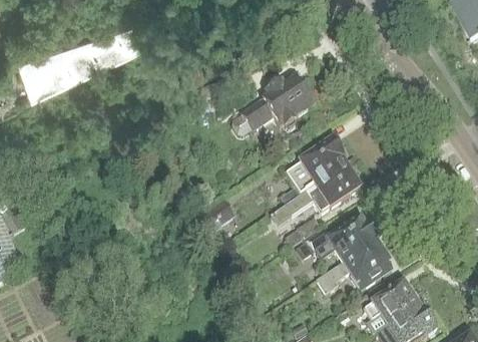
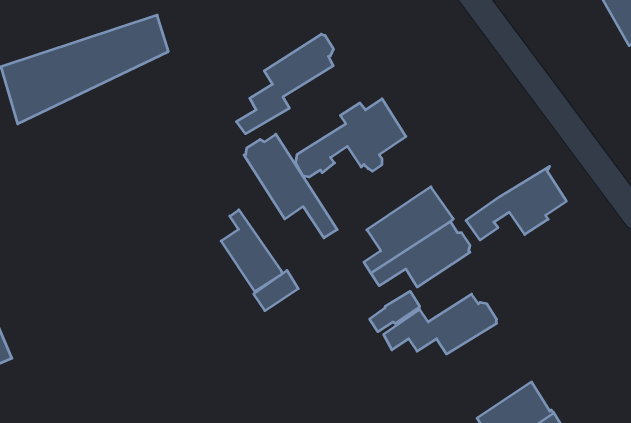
building: none -> [236,34,333,134]
building: none -> [244,134,337,238]
building: none -> [221,210,282,292]
building: [318,239,390,292] -> [466,166,566,240]

